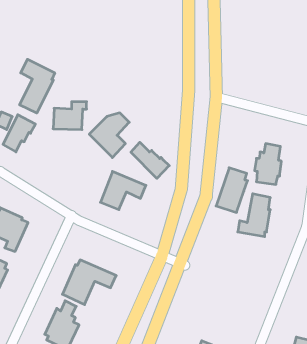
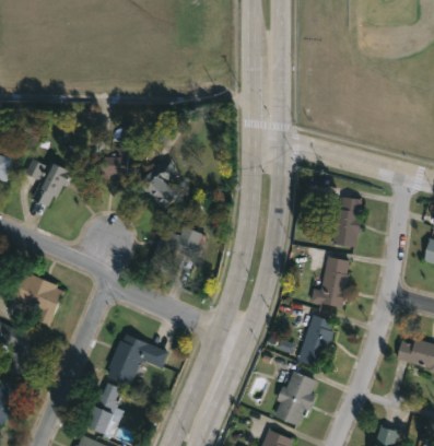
building: [20,59,55,113] -> none
building: [131,142,169,178] -> none
building: [216,168,248,212] -> [298,314,336,366]
building: none -> [275,369,317,424]

